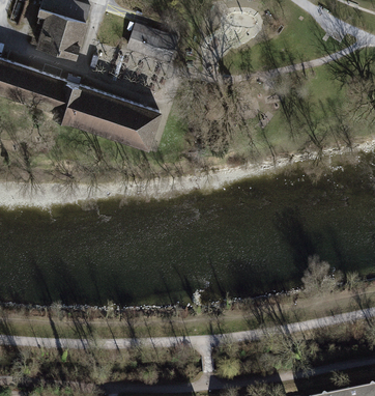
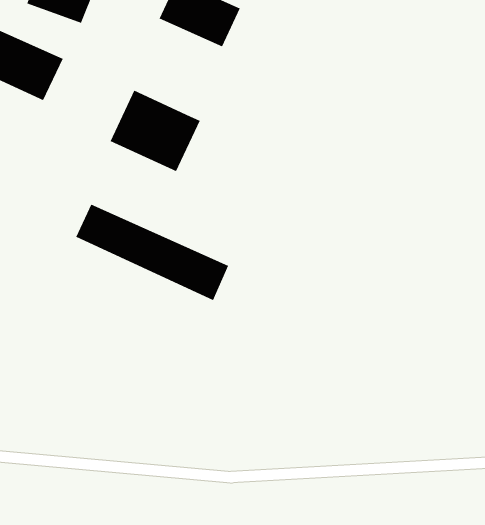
building: [54,79,114,130] -> none
building: none -> [75,203,229,301]

